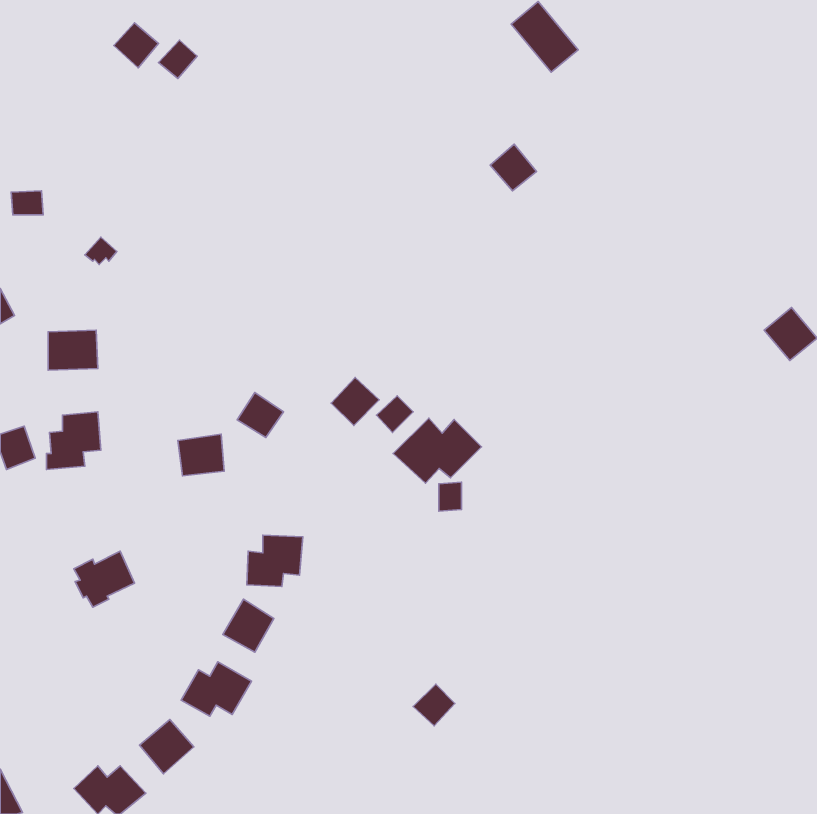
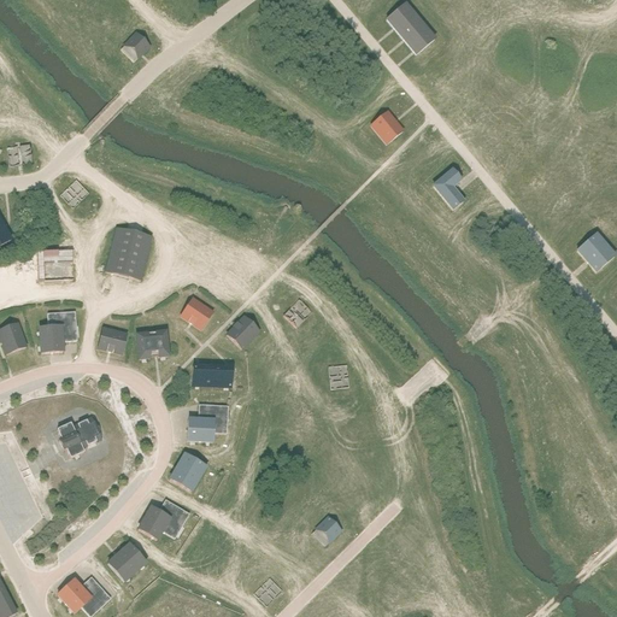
building: [114,23,159,68] -> none
building: none -> [431,166,465,210]
building: none -> [105,225,152,280]
building: [331,377,379,425] -> [225,313,262,349]
building: [393,418,481,483] -> none
building: none -> [96,325,128,354]
building: none -> [192,362,233,387]

